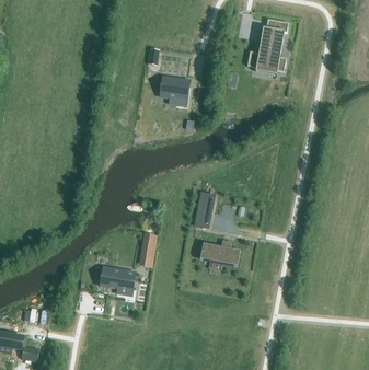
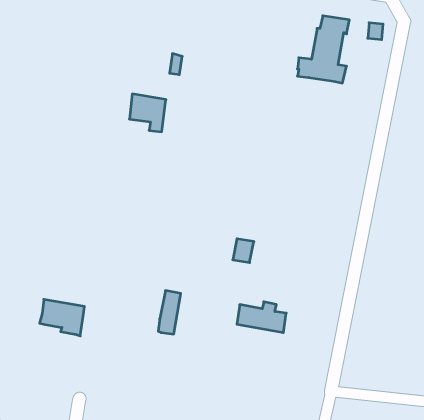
building: [160,76,188,105] -> [129,94,166,132]
building: [100,266,135,294] -> [40,299,84,336]

